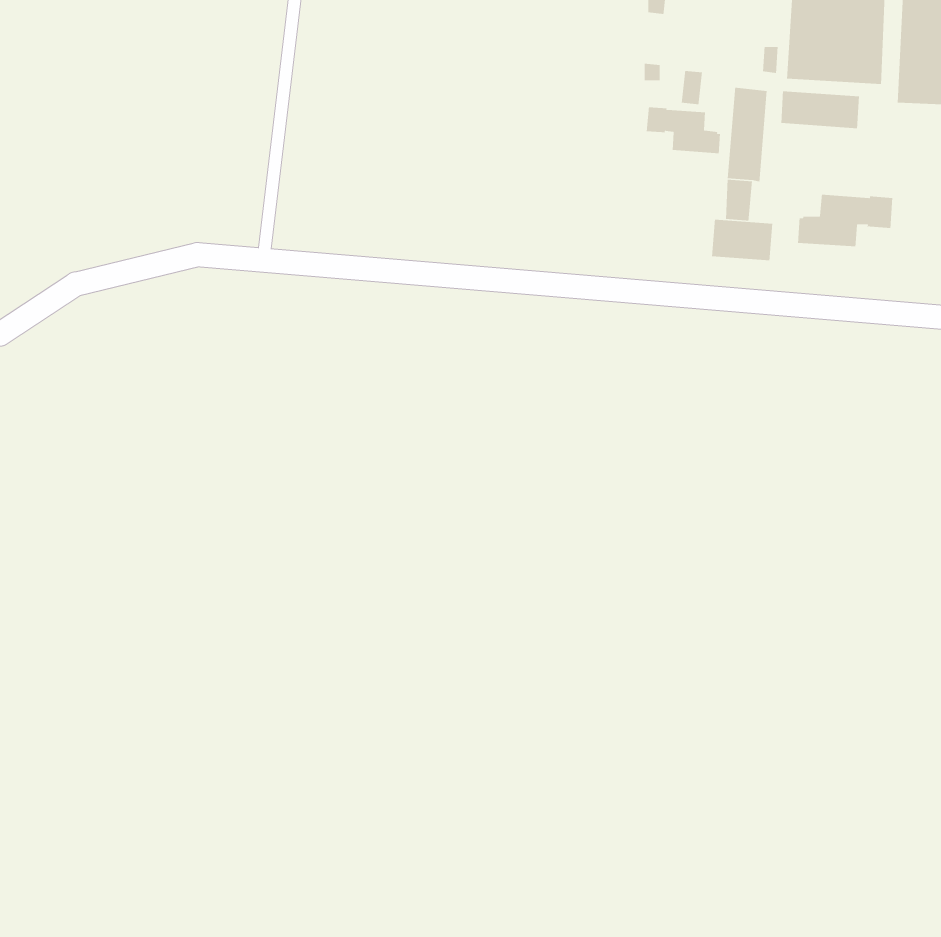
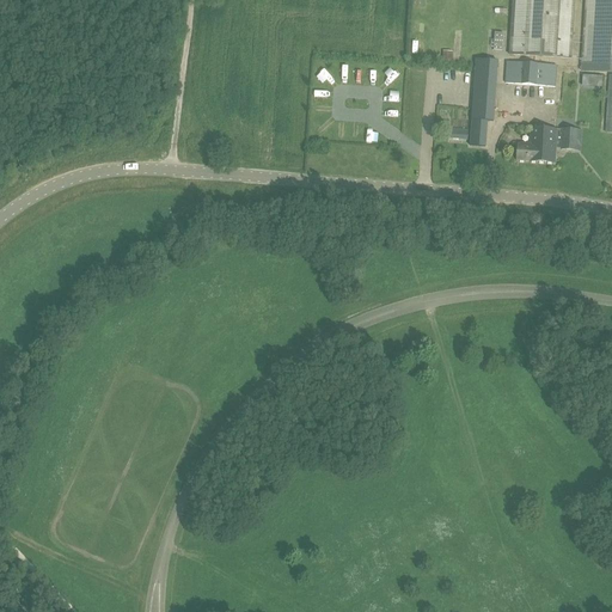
building: [646,107,721,154] -> none
building: [711,219,773,261] -> none

